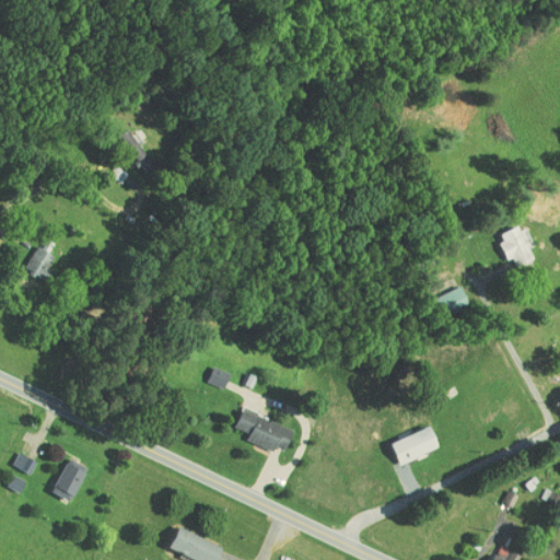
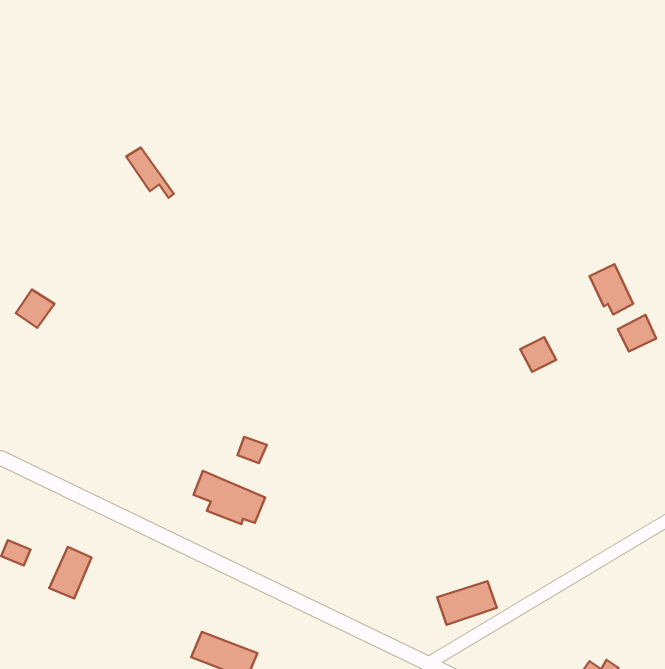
building: none -> [618,315,656,351]
building: [234,408,293,452] -> [194,471,265,524]
building: [390,428,440,464] -> [437,581,497,625]

